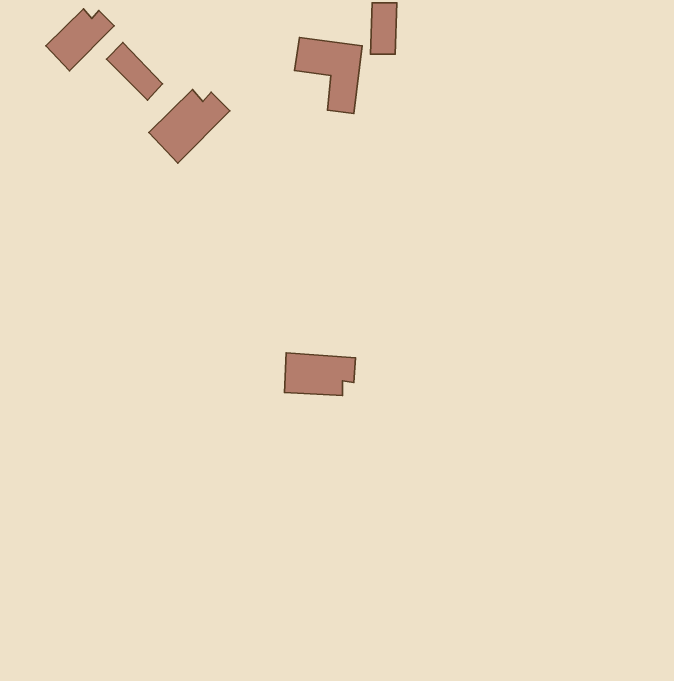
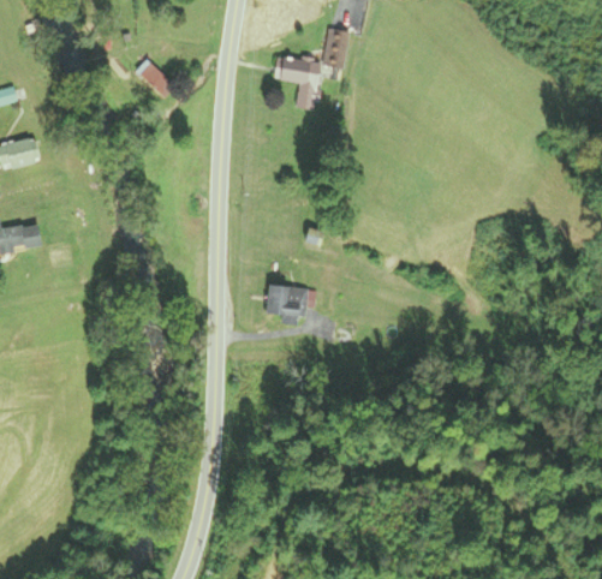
building: [46,9,114,71] -> none
building: [149,90,230,163] -> none

